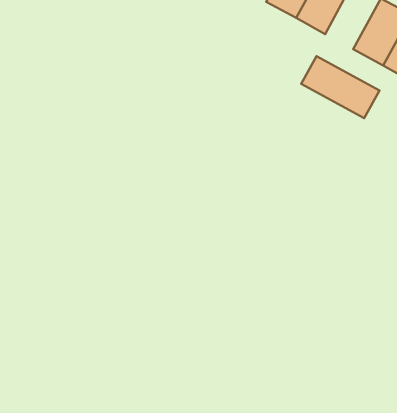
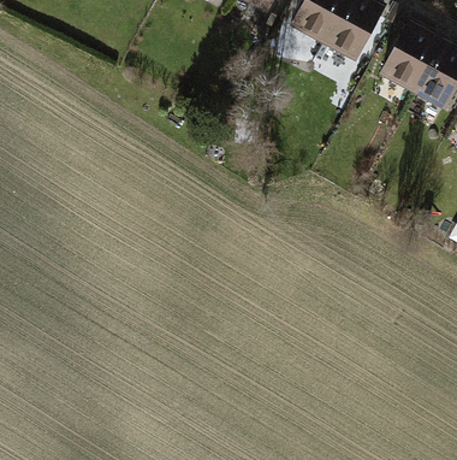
building: [301,56,380,118] -> none

